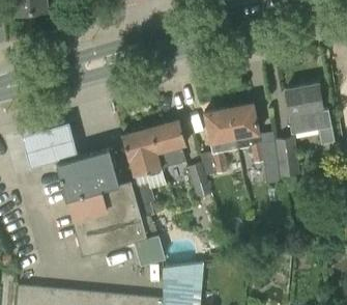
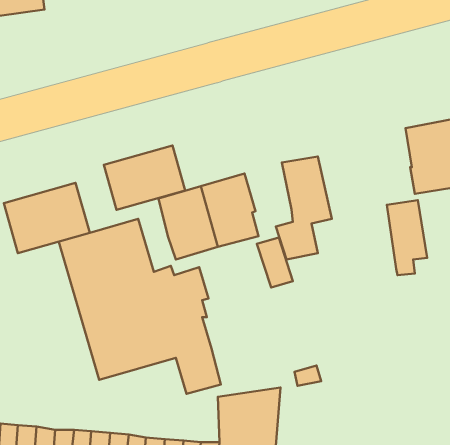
building: none -> [104,146,185,210]
building: [228,103,280,185] -> none

